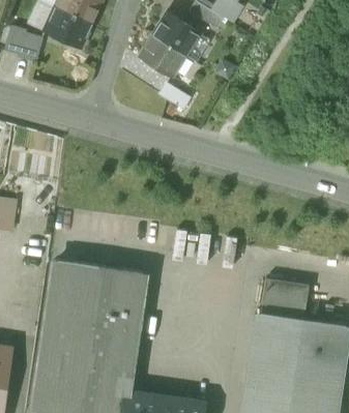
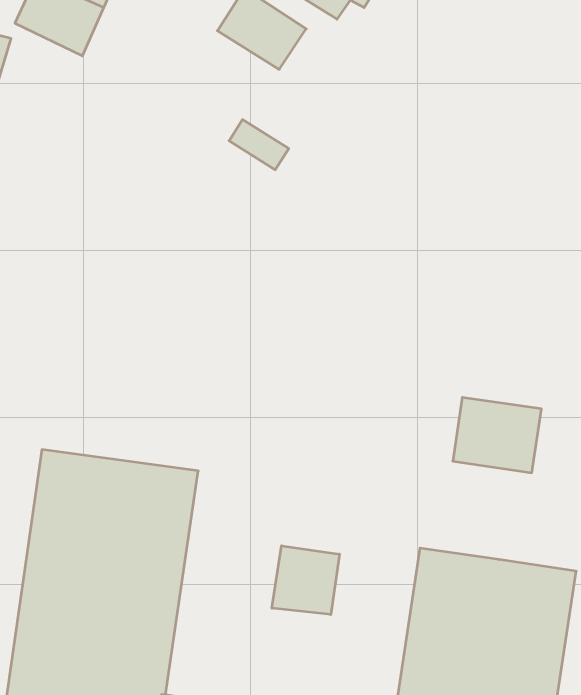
building: [139,35,185,78] -> none
building: [261,278,309,319] -> [453,397,541,473]
building: none -> [272,546,339,615]

